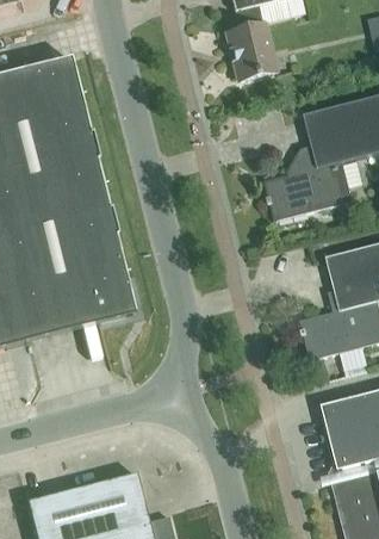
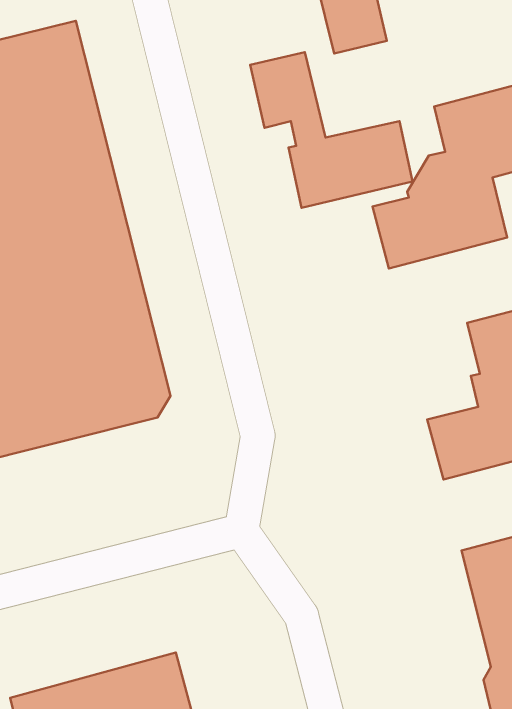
building: none -> [250,52,412,208]

